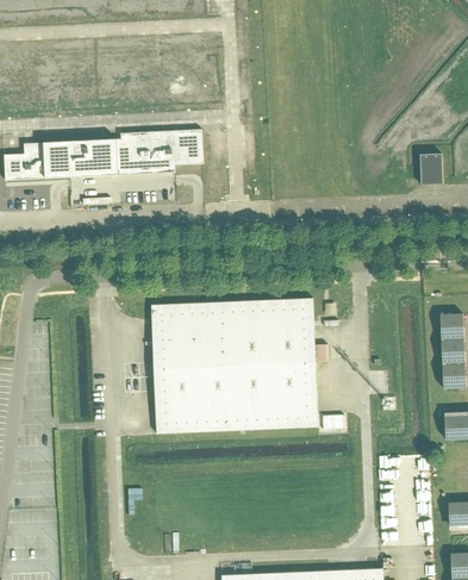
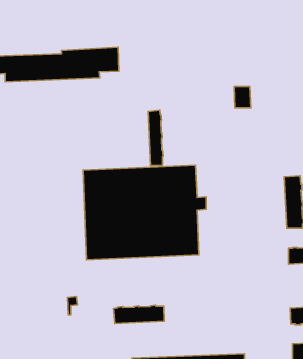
building: [419,154,443,185] -> [234,86,251,108]
building: none -> [148,110,163,166]
building: none -> [113,305,164,323]

